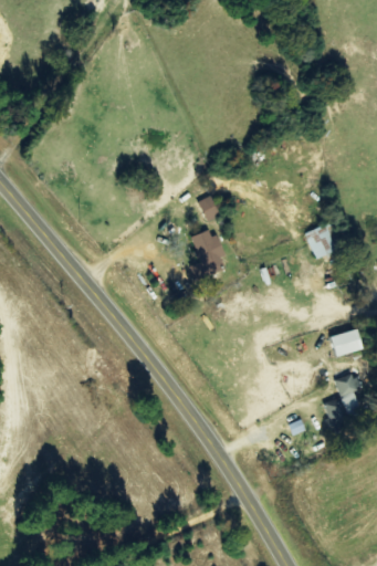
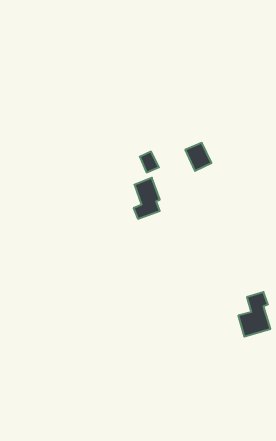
building: [304,224,337,260] -> [185,143,211,171]
building: [332,329,364,356] -> none

